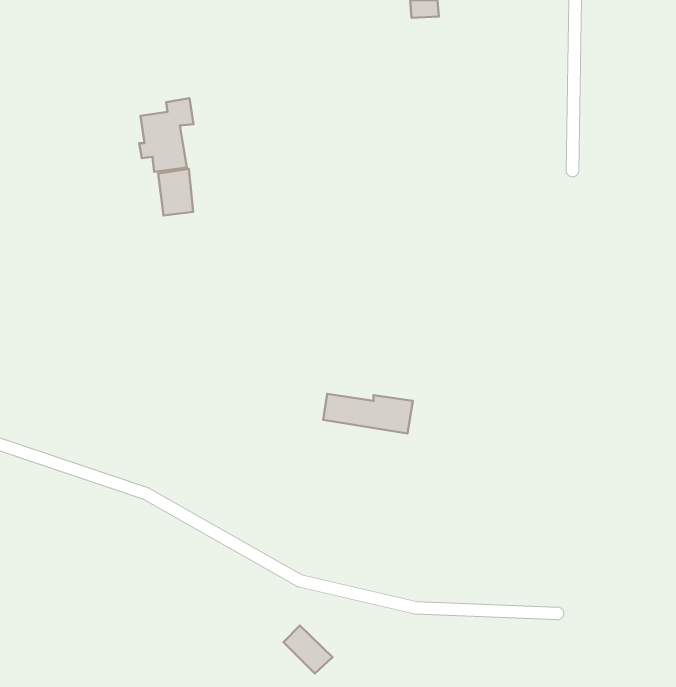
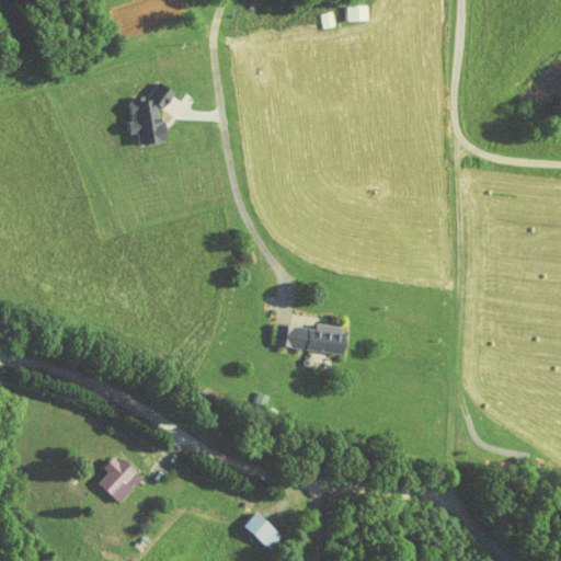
building: [158,169,193,216] -> none
building: none -> [99,454,142,502]

